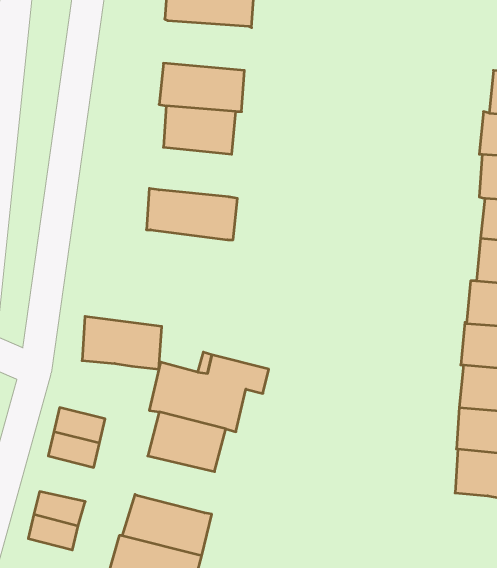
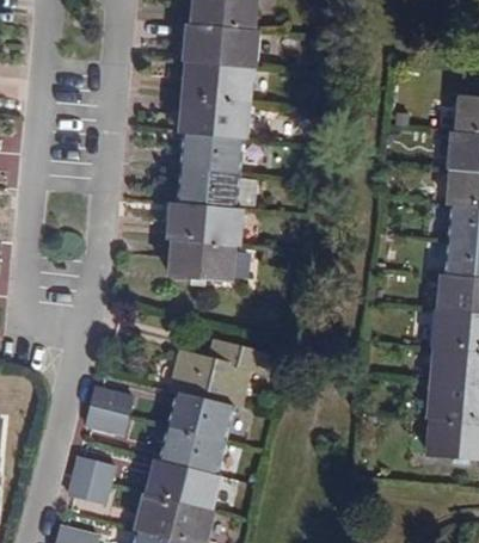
building: none -> [180,61,252,103]
building: none -> [177,167,238,209]
building: [82,316,162,369] -> [167,236,234,280]
building: none -> [159,426,223,474]

